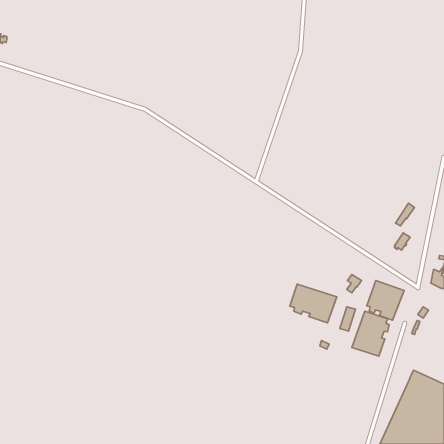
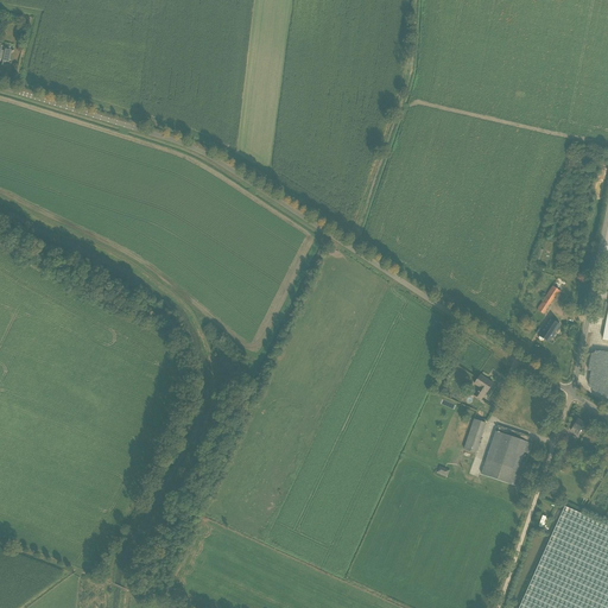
building: [367,280,404,320] -> none
building: [290,284,337,323] -> none

